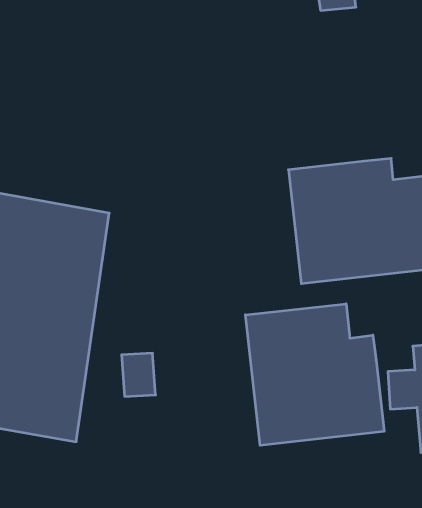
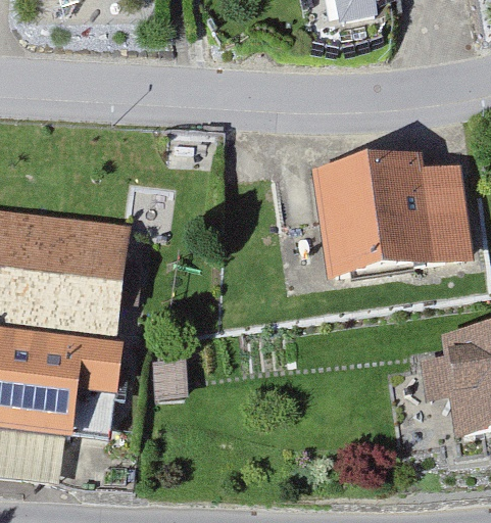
building: [245,304,384,445] -> none

